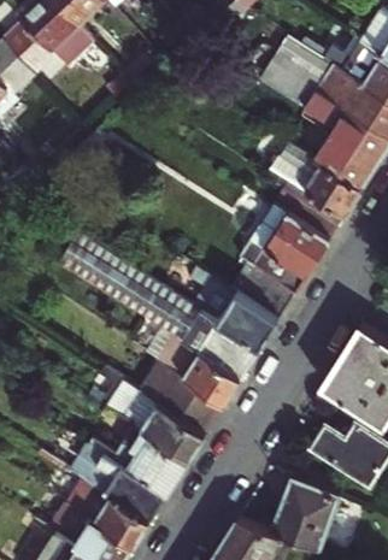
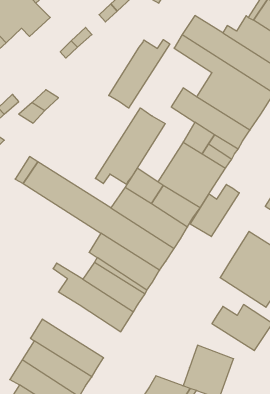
building: none -> [109,40,170,108]
building: none -> [95,108,165,185]
building: none -> [190,184,239,237]
building: [110,424,188,495] -> none

